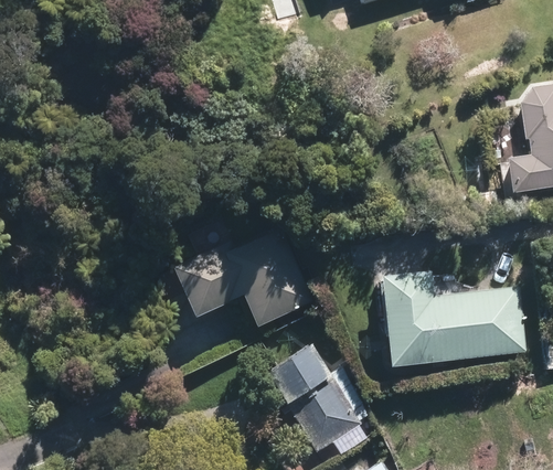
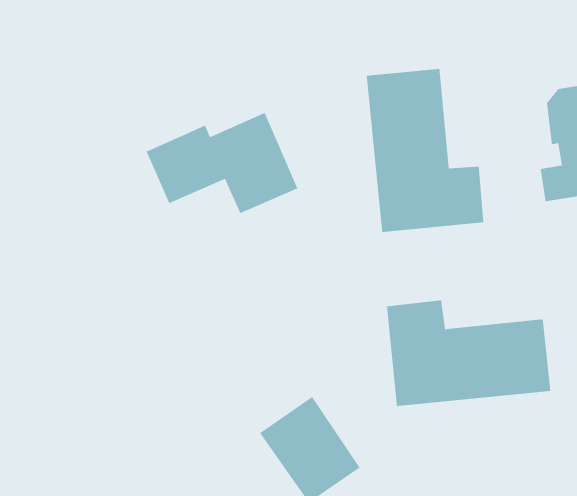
building: none -> [366,68,484,233]
building: [180,235,312,323] -> [146,112,298,214]

